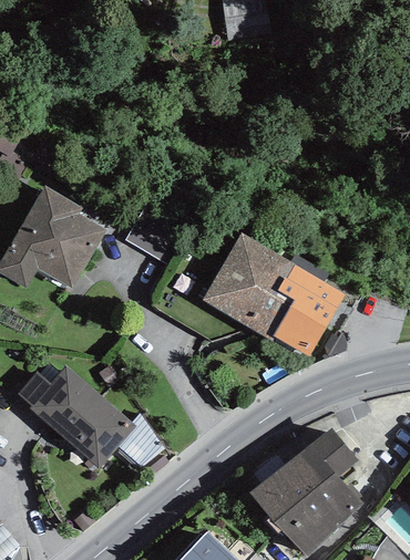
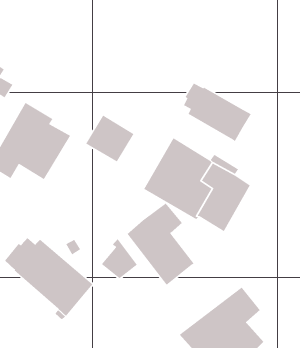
building: none -> [183,82,252,142]
building: none -> [126,202,195,286]
building: [116,414,165,468] -> [101,238,138,279]

